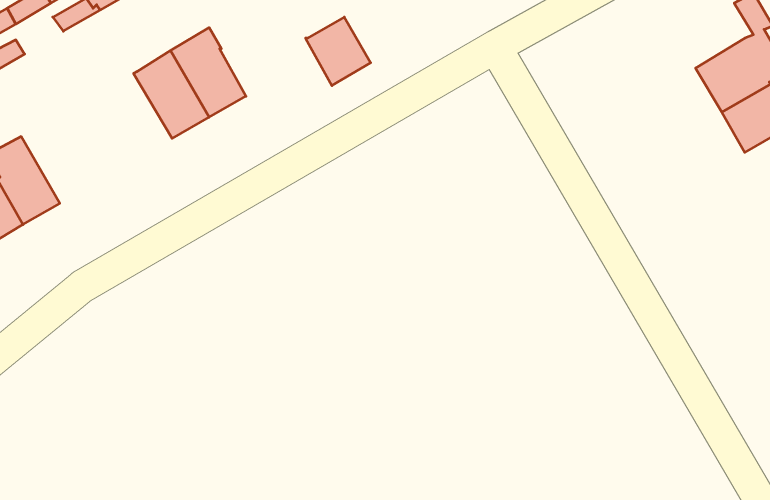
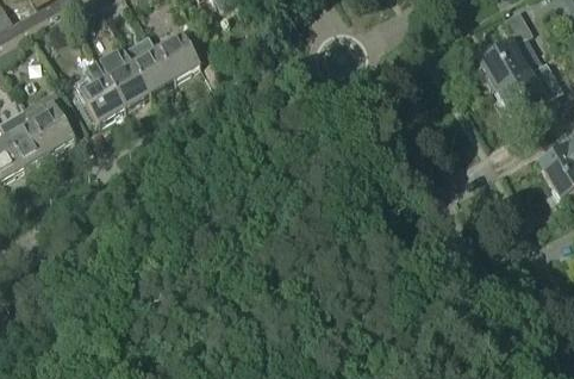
building: [306,17,371,86] -> [156,32,200,79]
building: none -> [74,63,124,122]
building: none -> [21,87,74,151]

